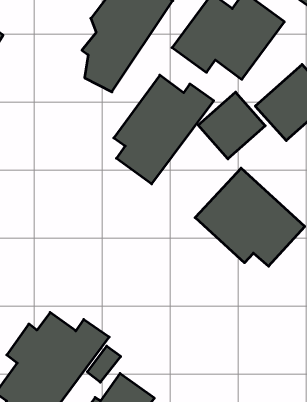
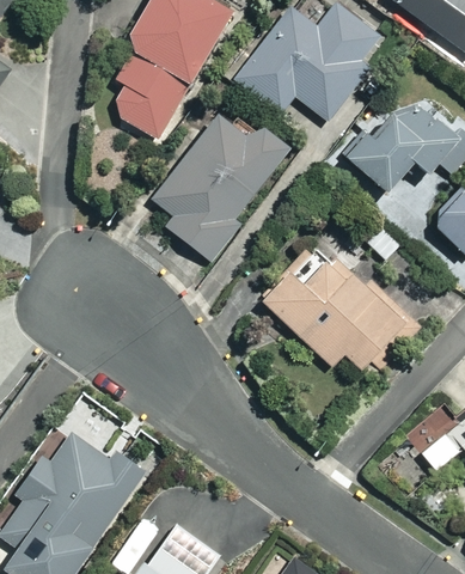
building: [198,92,265,159] -> none

